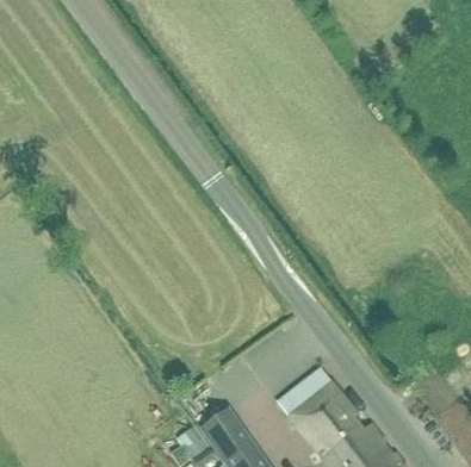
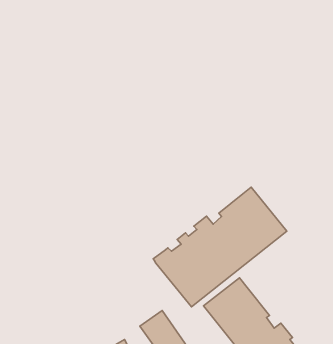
building: none -> [153,187,287,307]

